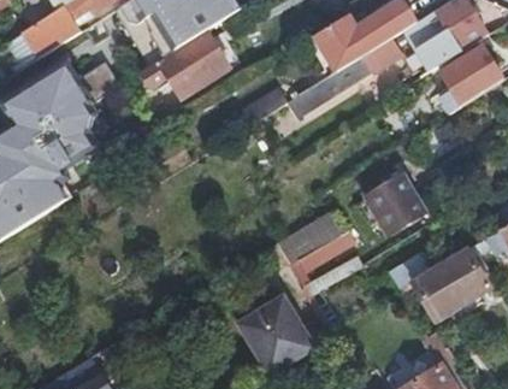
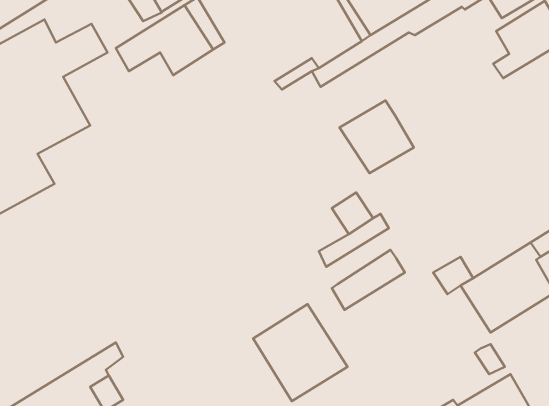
building: [364,167,426,229] -> [340,100,414,173]

